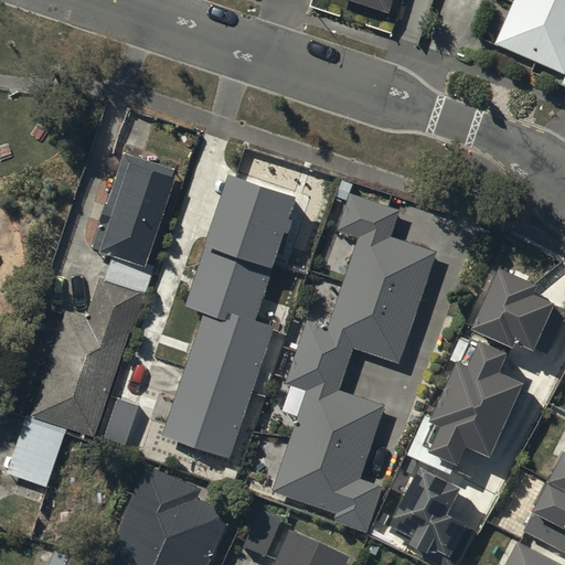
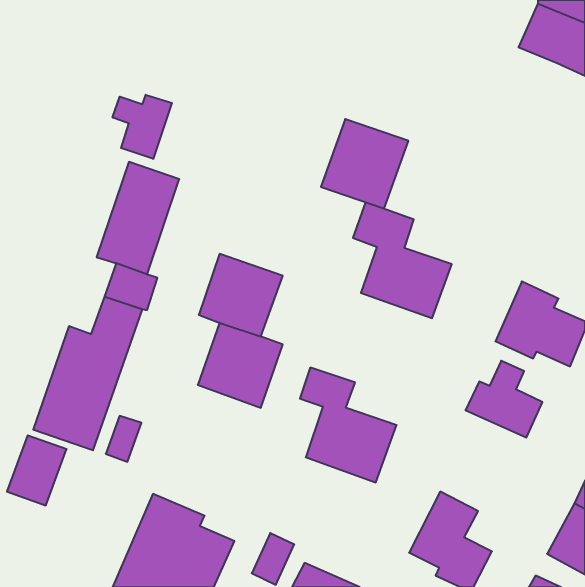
building: none -> [113,95,172,159]
building: [211,179,295,265] -> [321,119,408,209]
building: [298,281,415,367] -> none
building: [168,370,250,454] -> none
building: [411,394,505,472] -> none
building: [276,439,380,530] -> none

